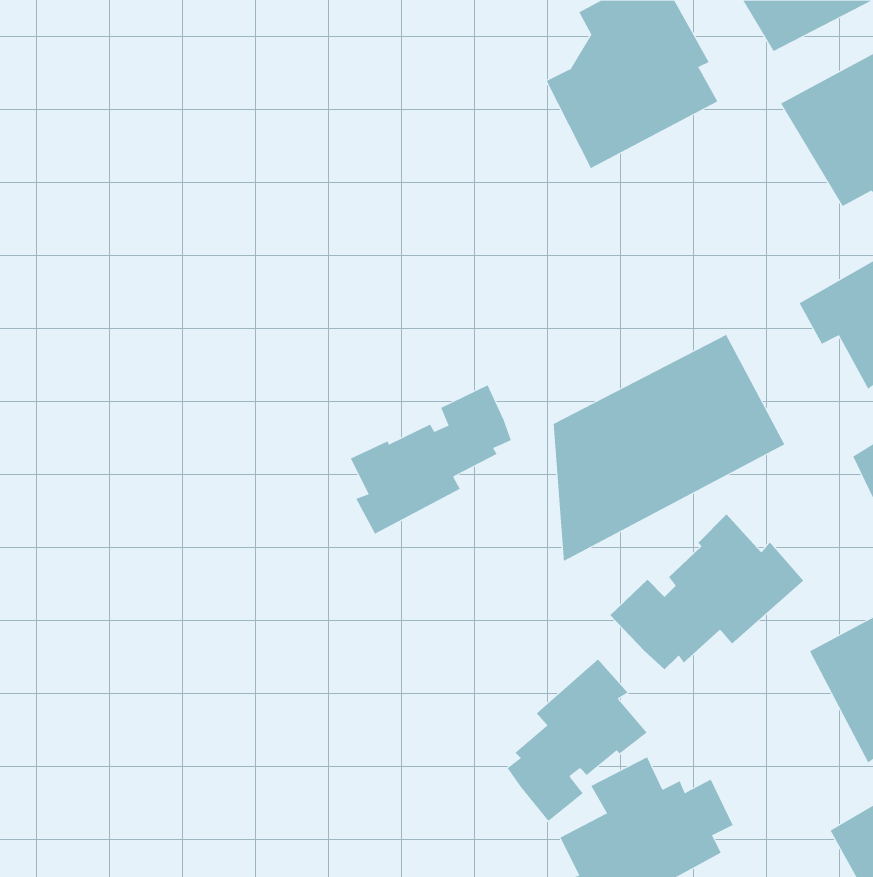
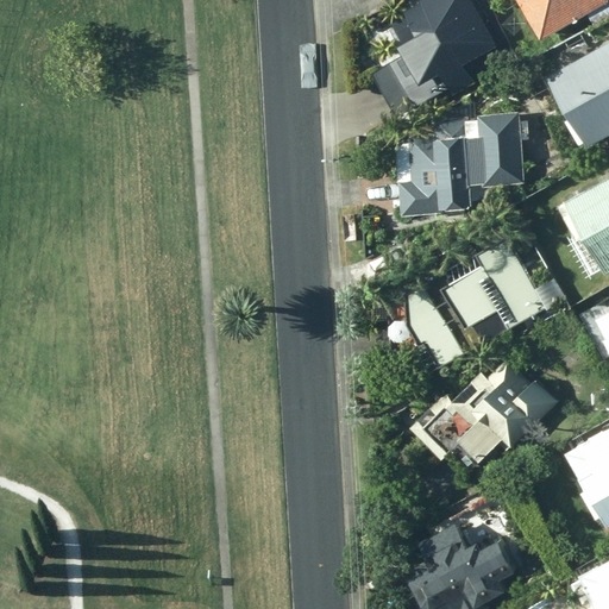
building: none -> [400,113,526,214]
building: [350,384,512,535] -> none
building: [507,659,648,822] -> none

